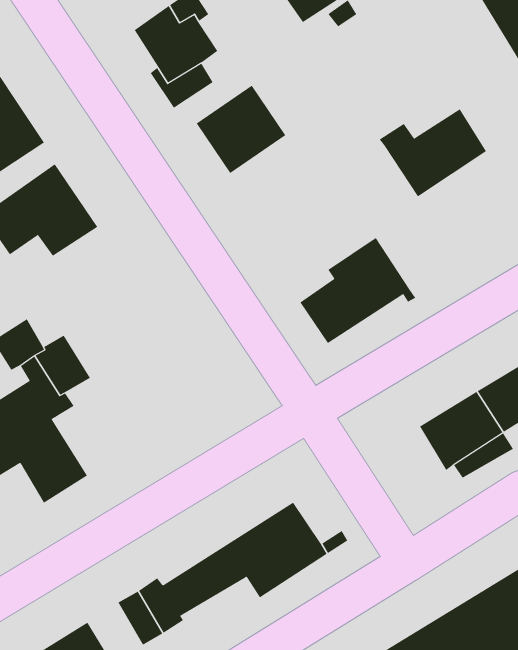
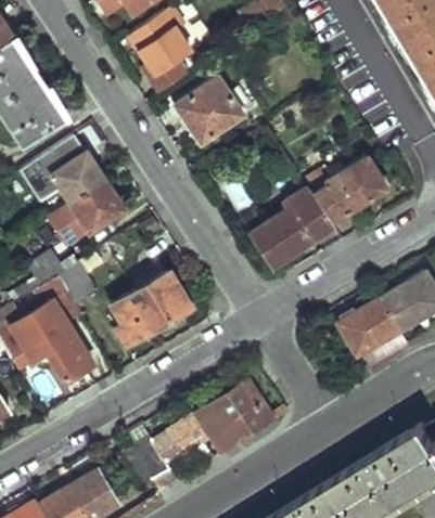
building: [379,108,487,197] -> [304,161,383,226]
building: none -> [48,181,121,245]
building: none -> [105,266,192,347]

